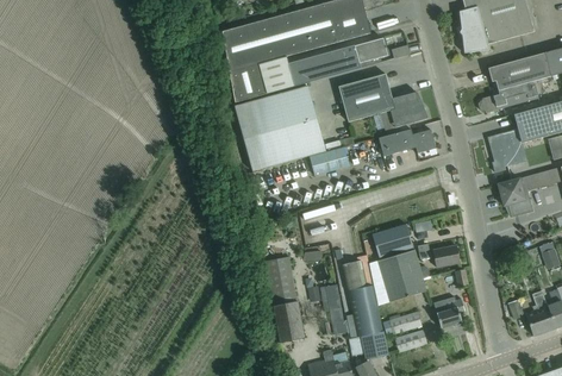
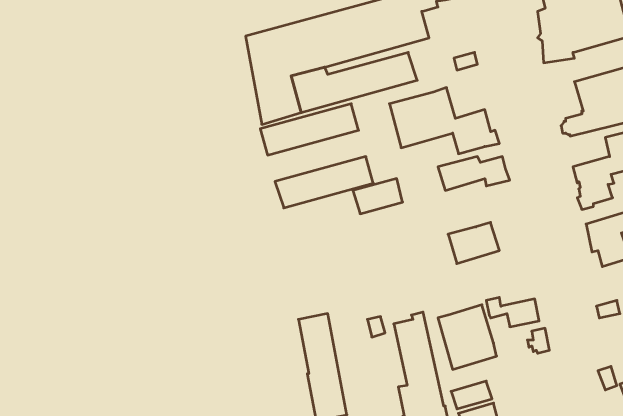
building: [354,37,387,67] -> none
building: [239,107,319,149] -> none
building: [371,224,413,257] -> [448,222,499,264]
building: [319,283,348,333] -> none
building: [433,296,463,327] -> none

